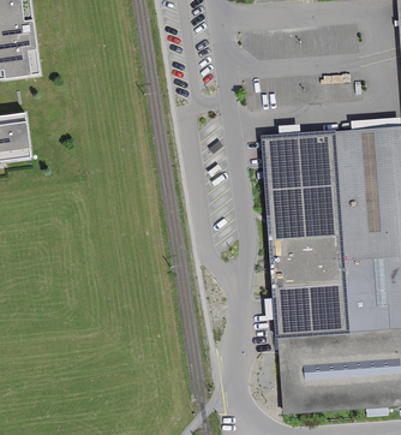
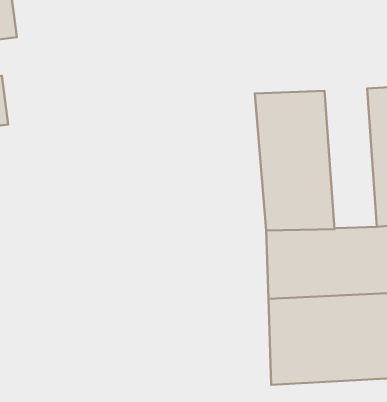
building: [334,124,384,260] -> none

